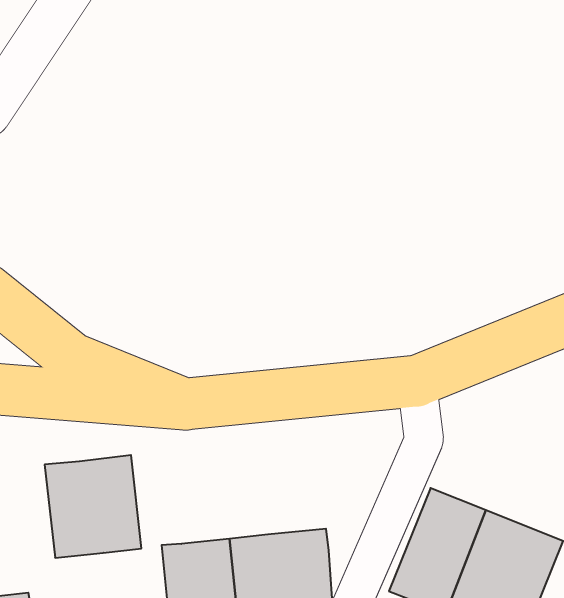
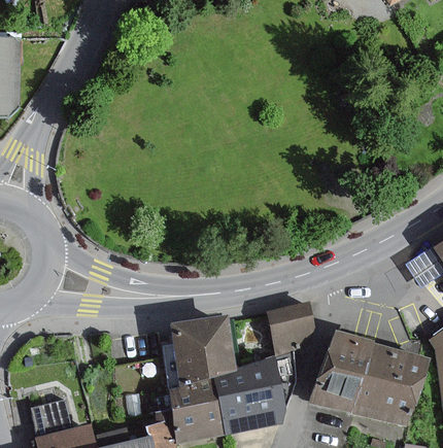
building: none -> [269,303,311,352]
building: [45,455,141,558] -> [171,315,237,384]

